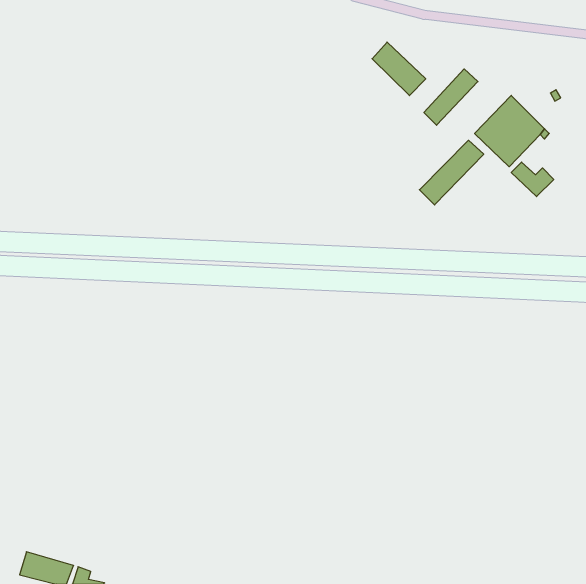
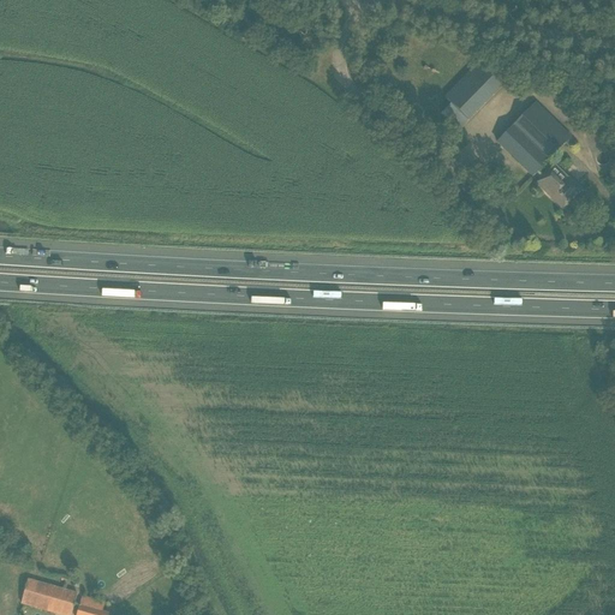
building: [372,42,426,96] -> none
building: [419,140,484,205] -> none

